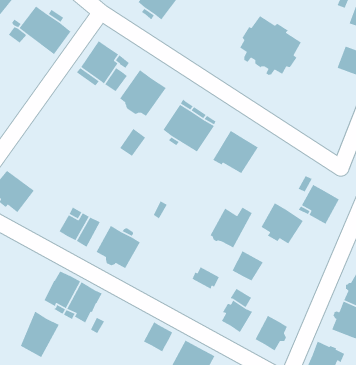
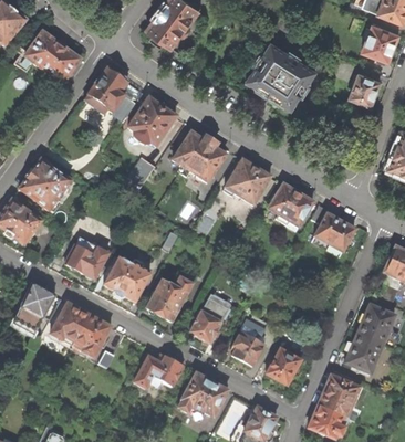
building: none -> [19,159,70,212]
building: [260,202,304,244] -> [268,183,312,227]
building: [210,206,253,249] -> [146,278,190,322]
building: [231,250,264,282] -> [188,311,221,343]
building: [20,311,60,358] -> [14,282,55,330]
building: none -> [133,354,163,388]

